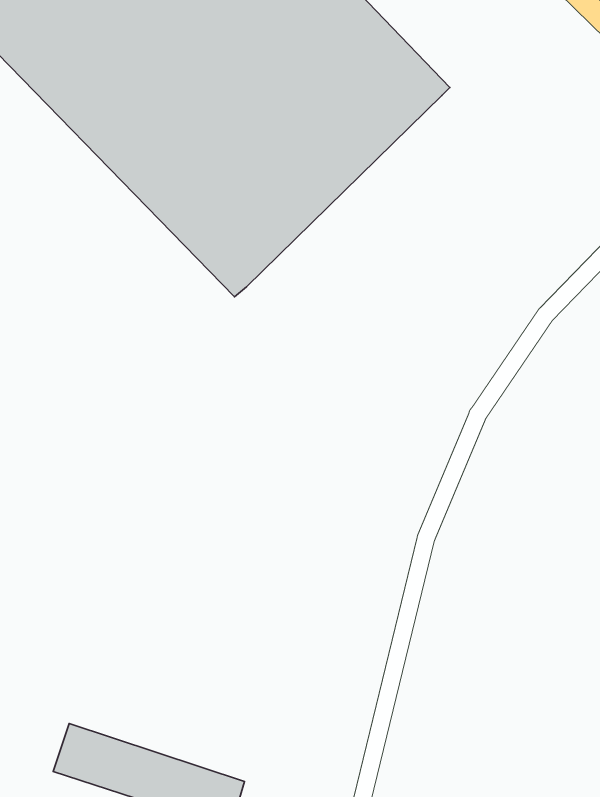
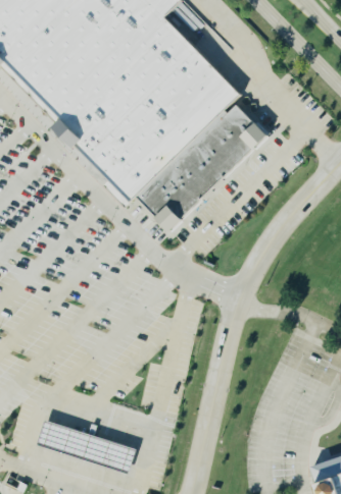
building: none -> [136,98,271,231]

